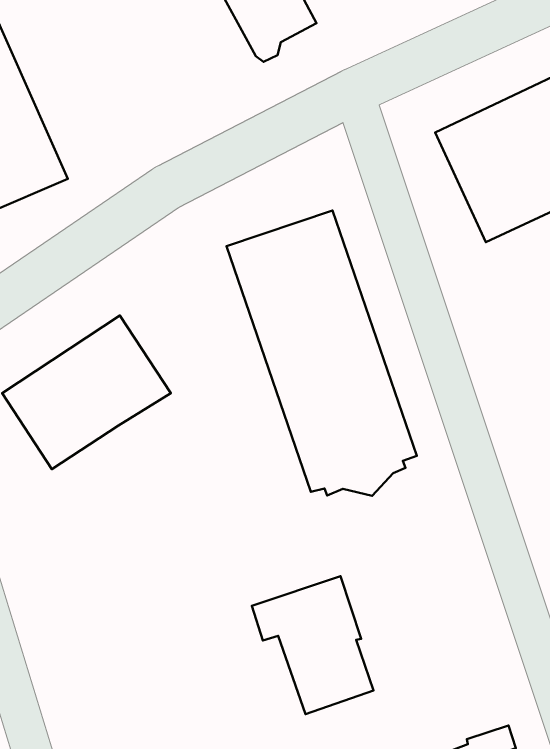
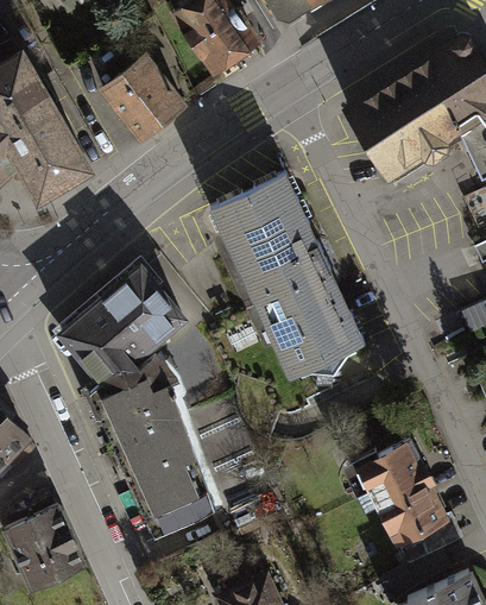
building: none -> [103,59,181,138]
building: none -> [90,346,215,536]
building: [252,576,374,714] -> [349,441,443,542]

